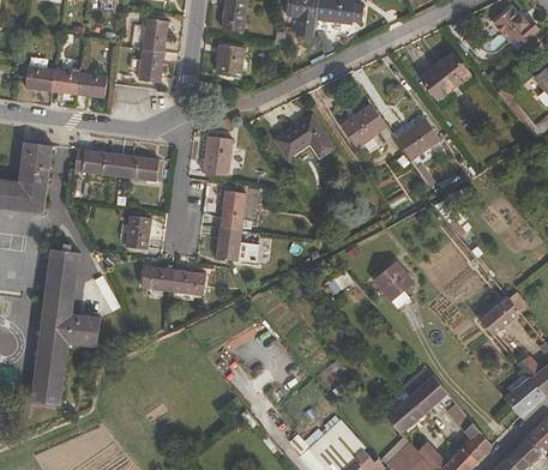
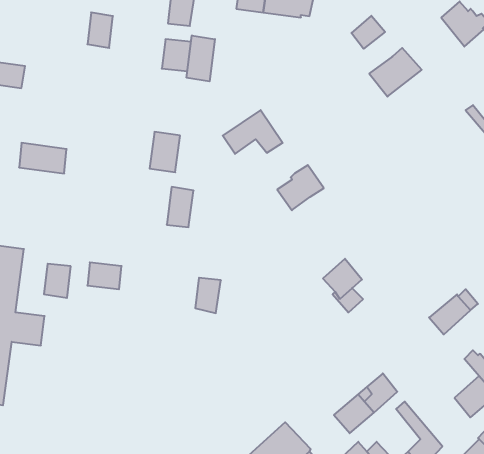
building: none -> [351,16,385,49]
building: none -> [187,35,215,81]
building: [137,50,163,84] -> none
building: [77,72,107,97] -> none
building: [341,104,386,149] -> [277,165,324,210]
building: [395,119,440,162] -> none
building: [119,153,158,182] -> none
building: [125,216,151,249] -> [44,264,71,298]
building: [216,228,241,263] -> [195,278,221,313]
building: [173,269,206,296] -> none

